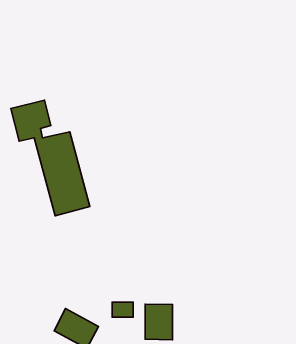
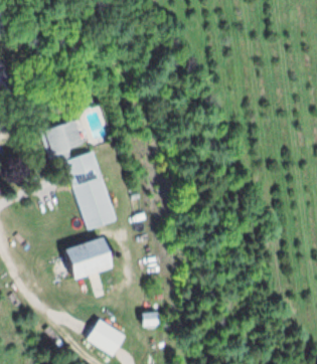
building: none -> [58,238,107,280]
building: [145,304,173,340] -> none

